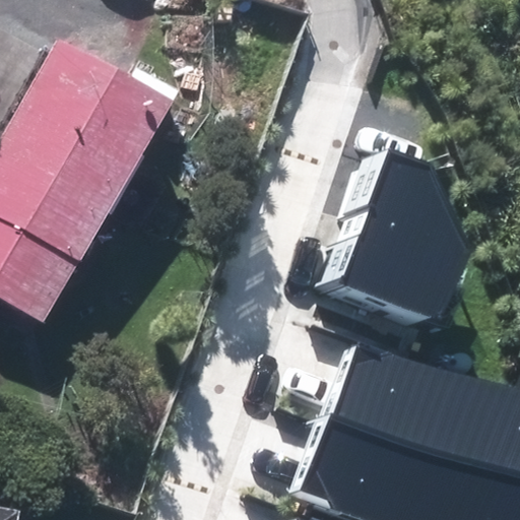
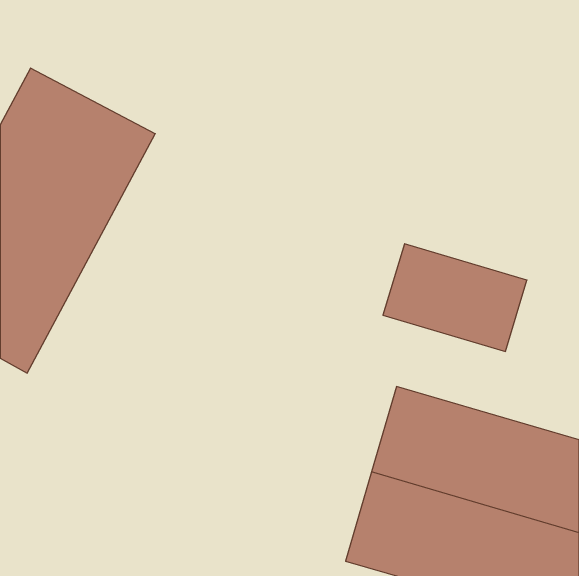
building: [363,152,472,254] -> none

